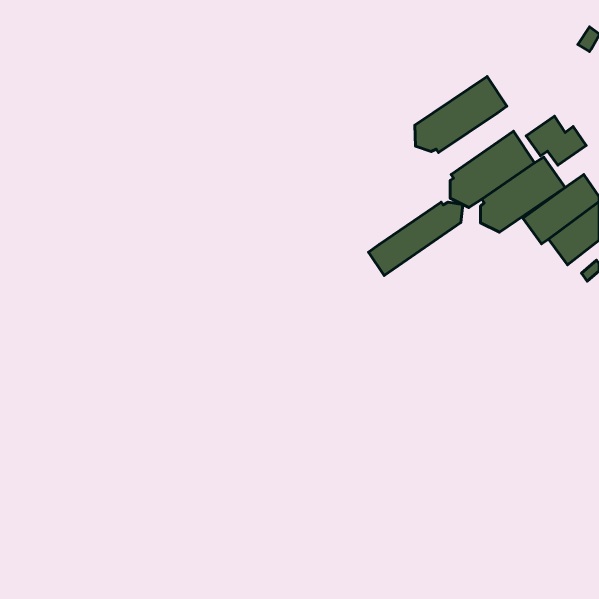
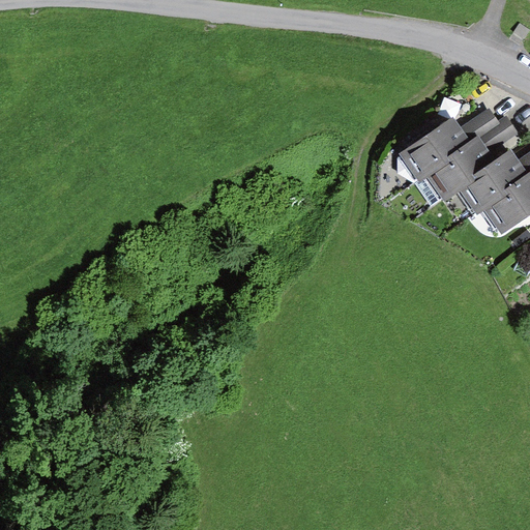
building: [415,76,507,152] -> none
building: [369,202,463,275] -> none

